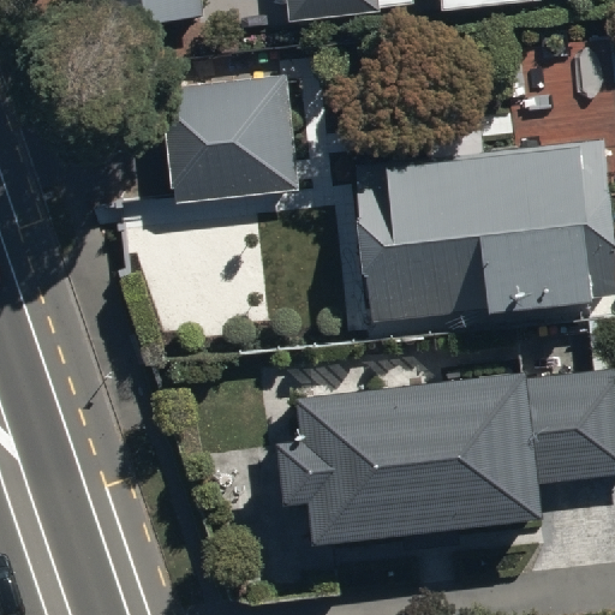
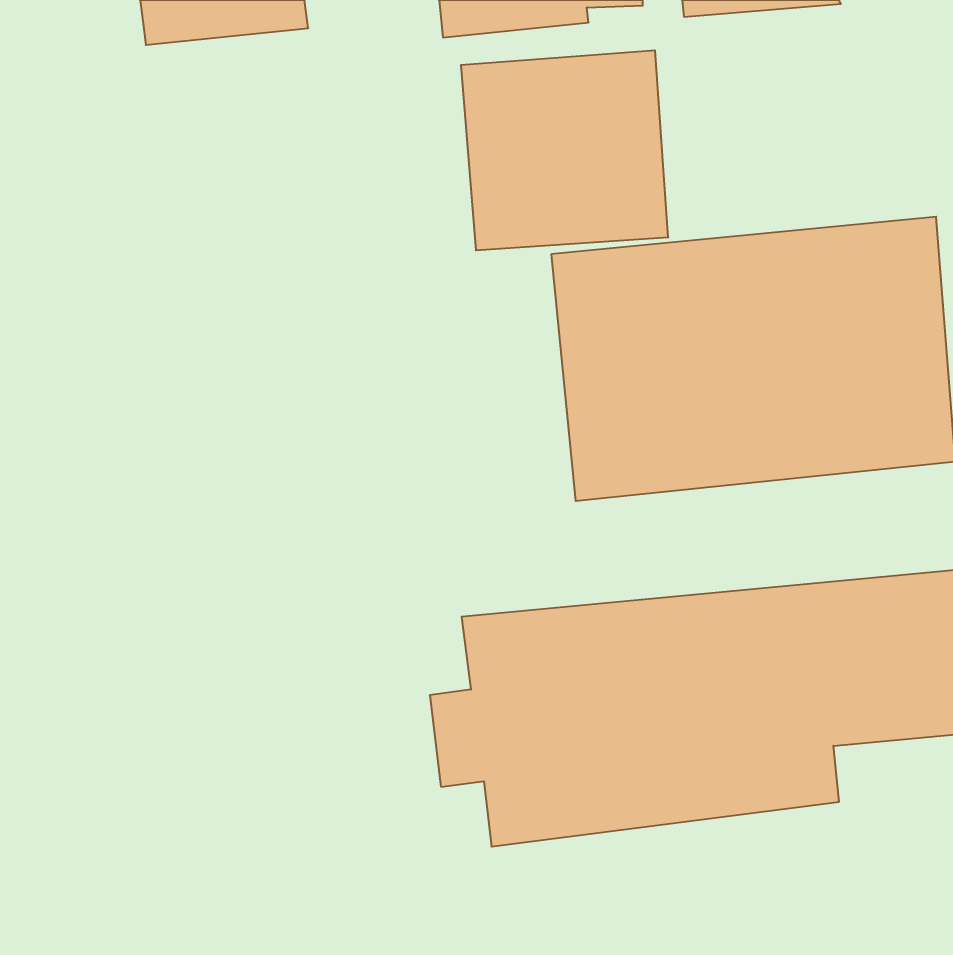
building: [166,73,299,202] -> [461,50,668,250]

